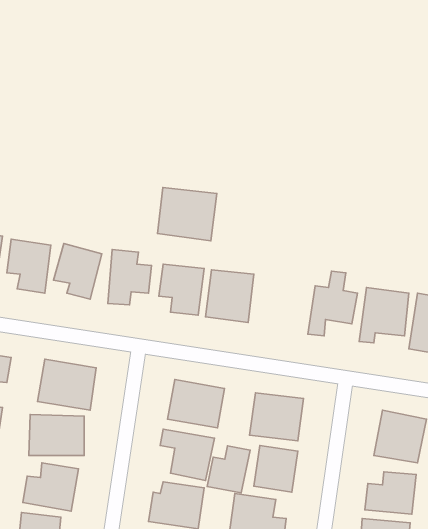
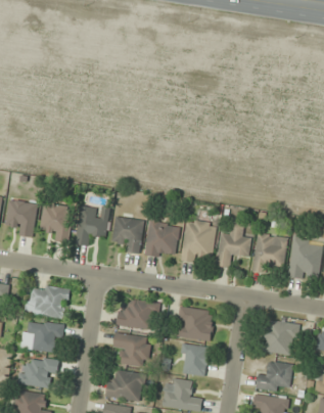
building: [157,187,217,241] -> none
building: none -> [181,220,217,263]
building: [207,446,250,493] -> none

